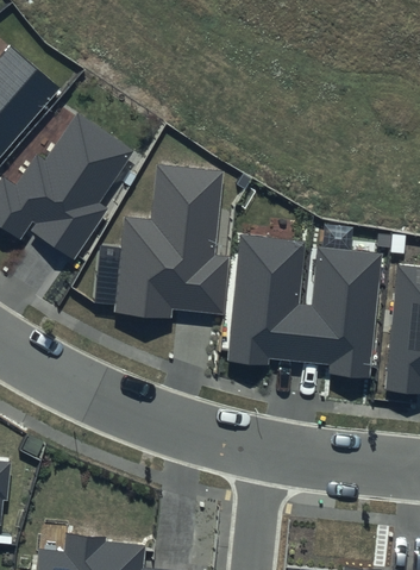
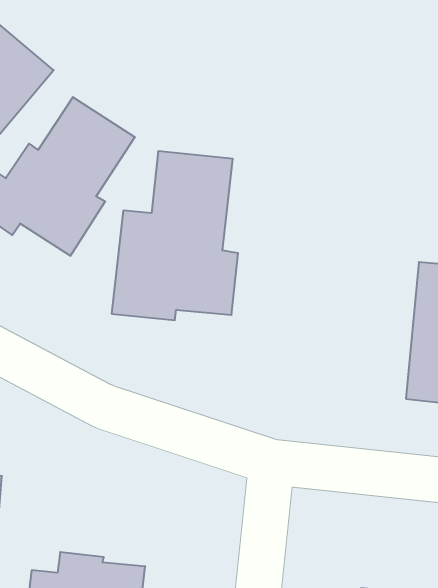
building: [227,236,380,377] -> none

